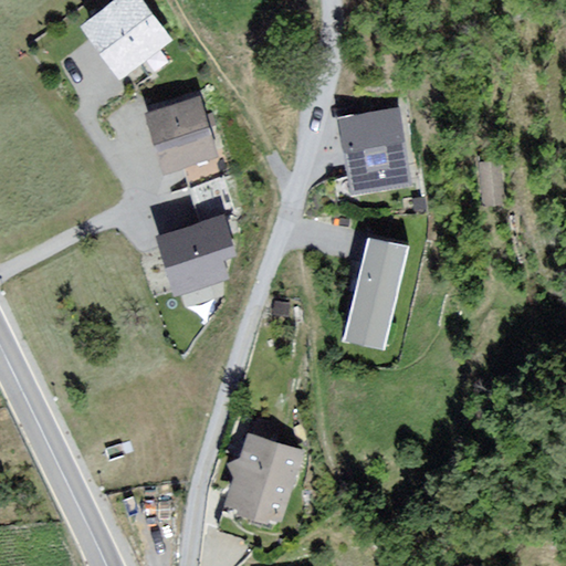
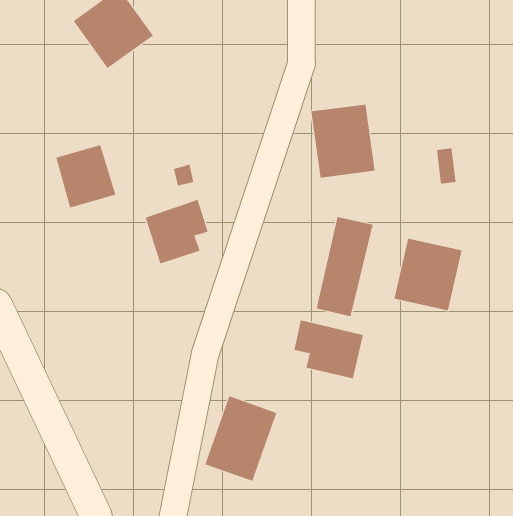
building: [148,96,214,166] -> [55,144,116,208]
building: none -> [394,238,462,311]
building: none -> [294,319,364,379]

